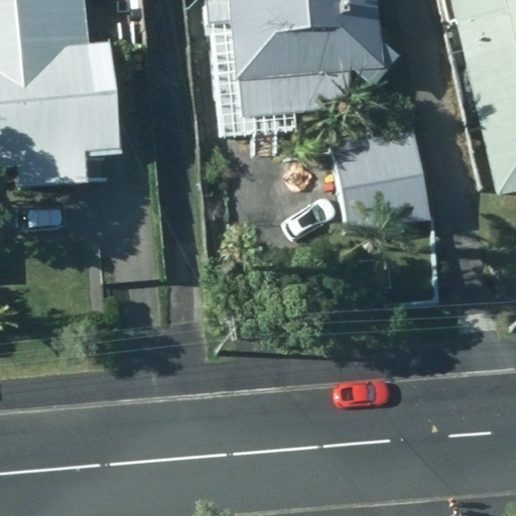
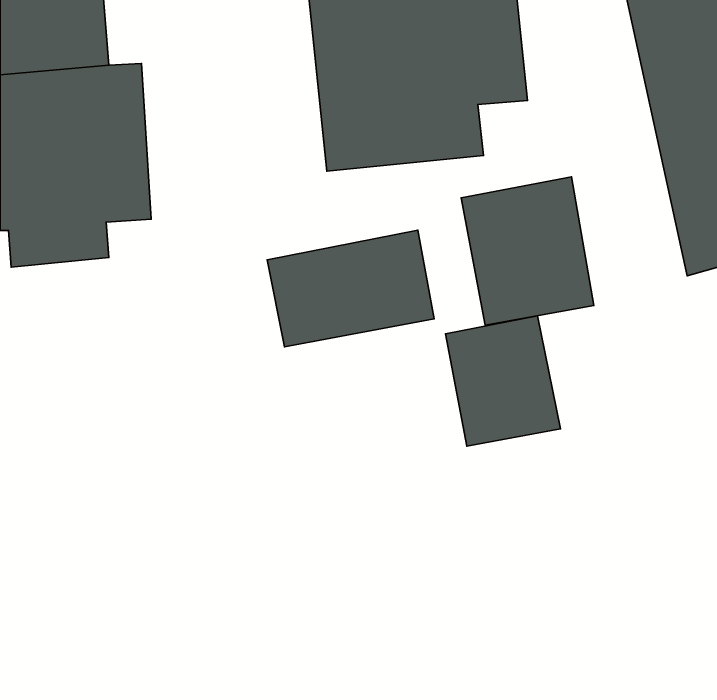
building: none -> [267,230,434,347]
building: none -> [445,316,560,446]

